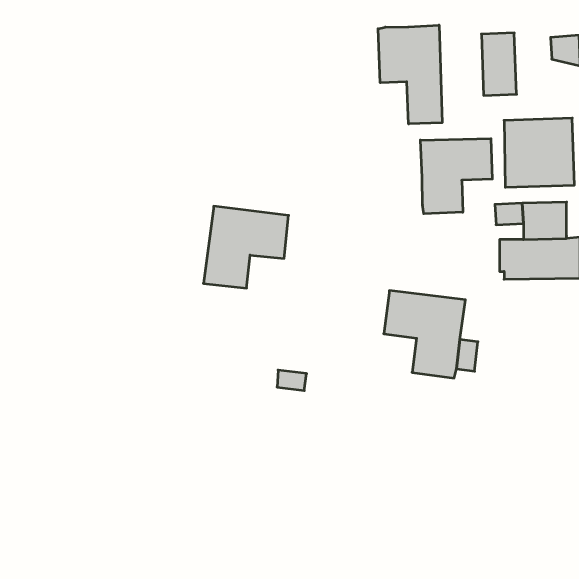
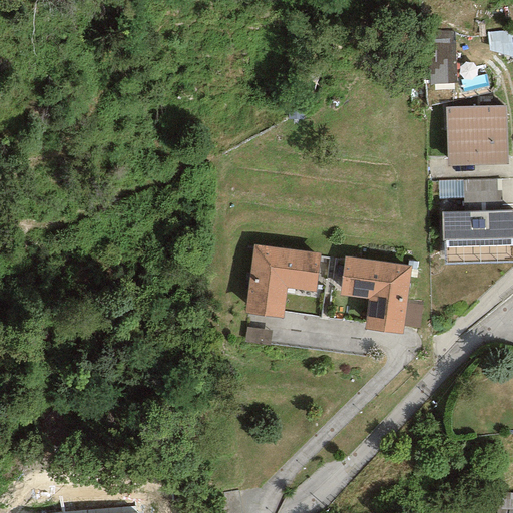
building: [378,25,442,124] -> none
building: [420,139,492,214] -> none
building: [203,206,289,288] -> [245,244,321,317]

